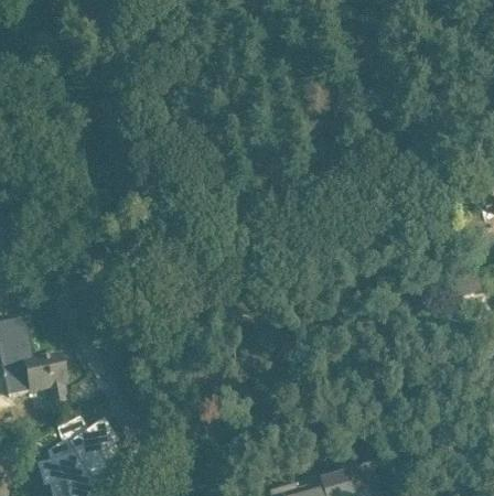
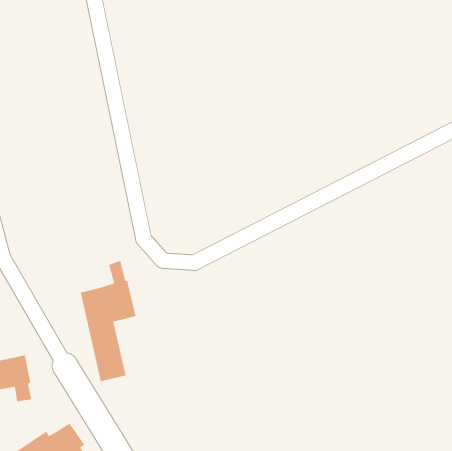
building: none -> [80,260,137,382]

